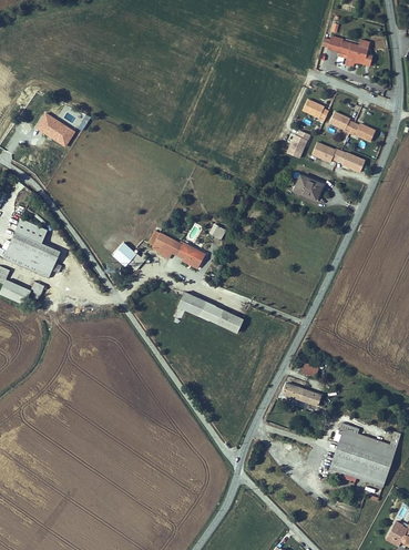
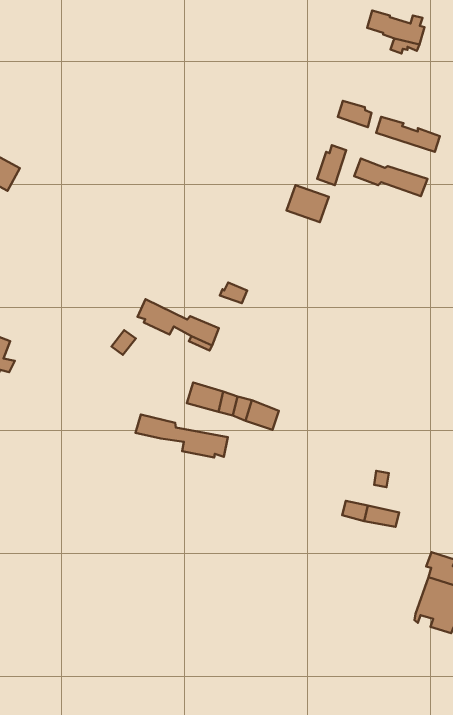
building: [292,172,323,200] -> [286,185,329,222]
building: none -> [135,414,228,457]

